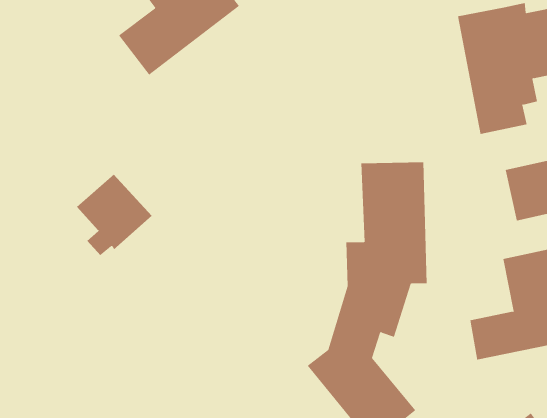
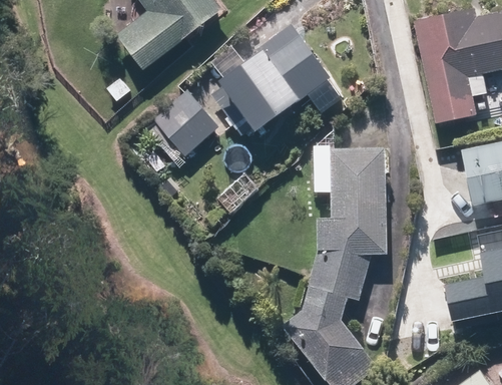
building: none -> [211,24,341,135]
building: [76,174,153,256] -> [153,90,220,162]

